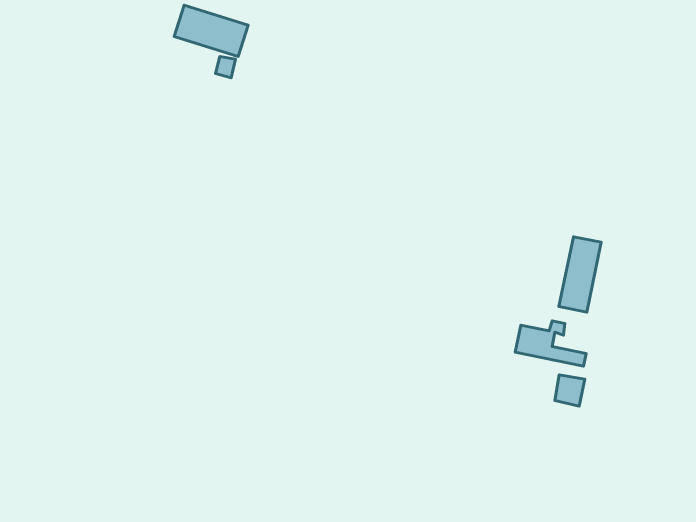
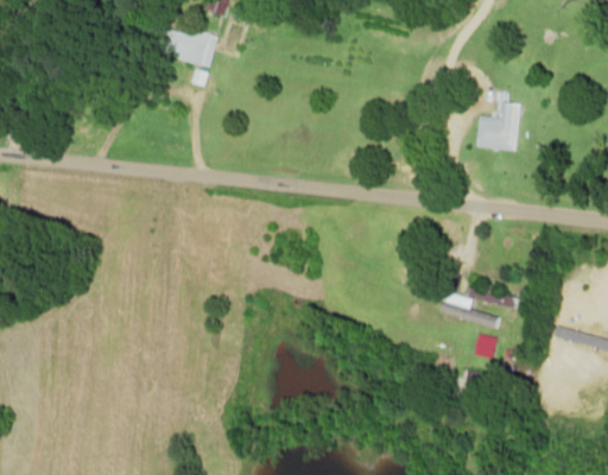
building: none -> [475,101,521,152]
building: [559,237,601,312] -> none

